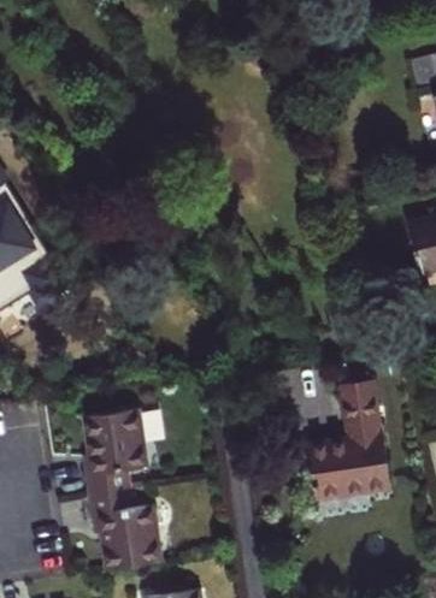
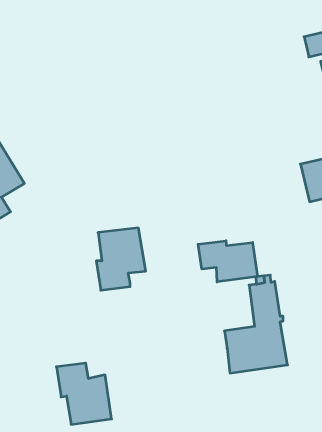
building: none -> [198,241,257,282]
building: [81,410,146,492] -> [96,228,146,290]

